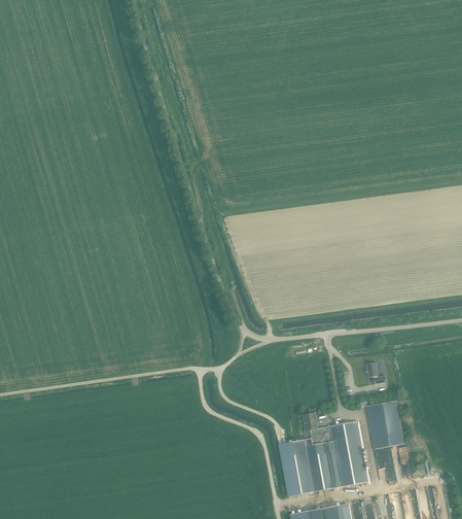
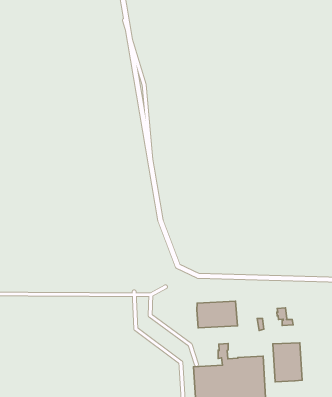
building: none -> [197,301,237,328]

